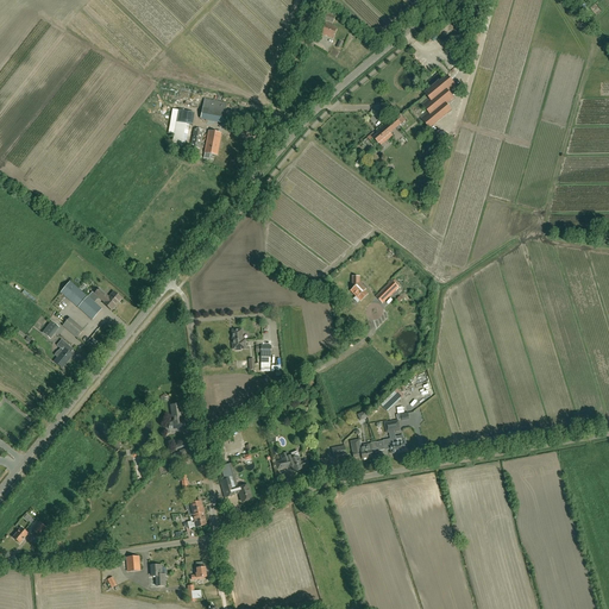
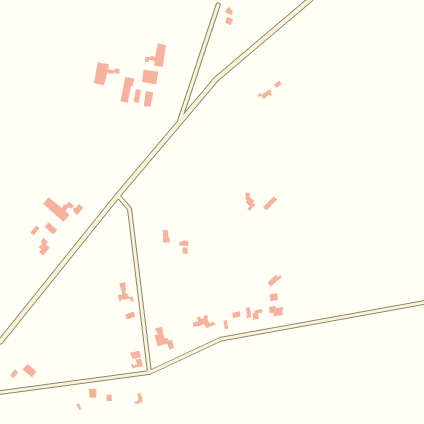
building: none -> [144,43,167,68]
building: [419,75,456,128] -> none
building: none -> [93,62,120,86]

